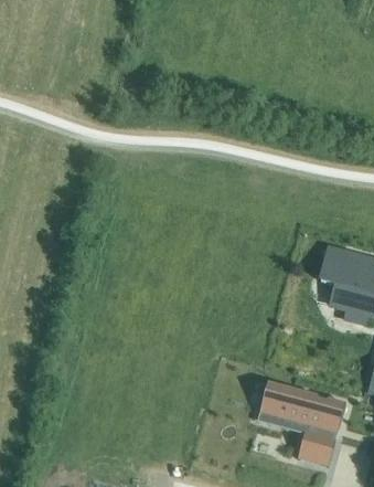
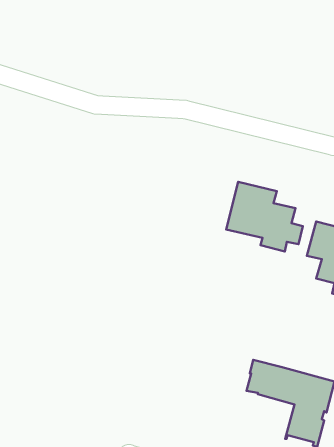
building: none -> [226,182,303,251]

